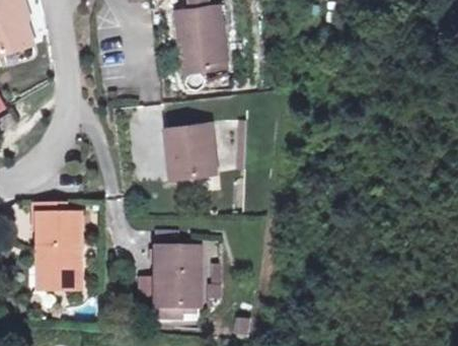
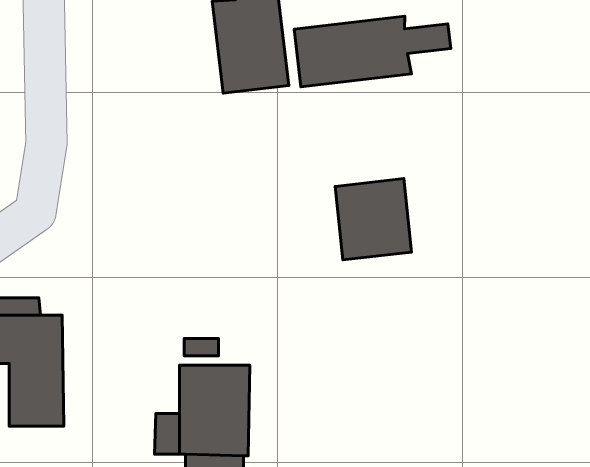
building: none -> [294,16,451,87]
building: [166,124,216,177] -> [335,179,412,260]

